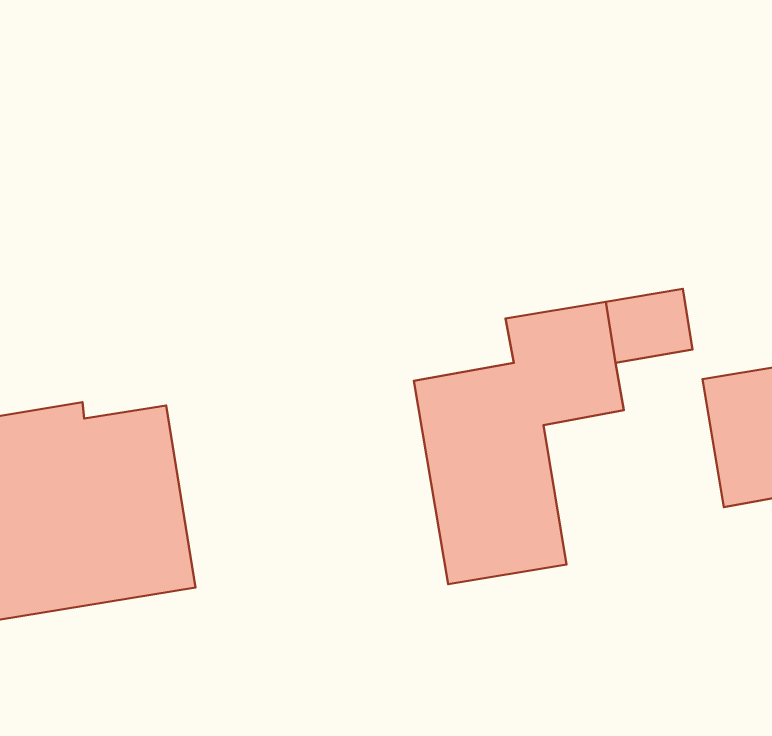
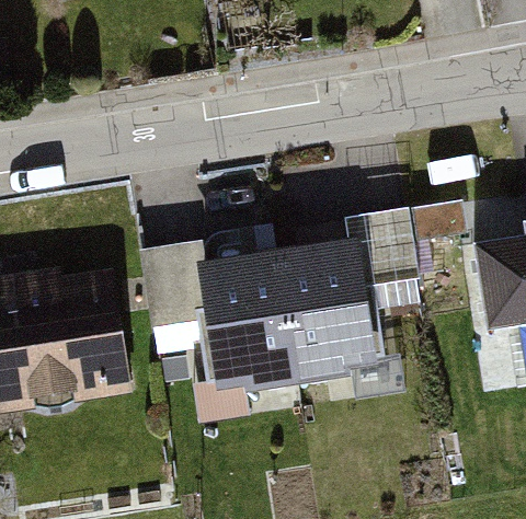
building: none -> [138,241,305,430]

